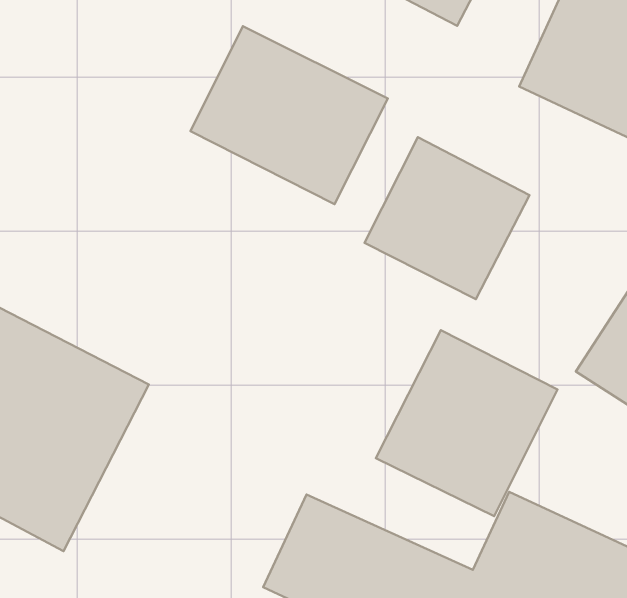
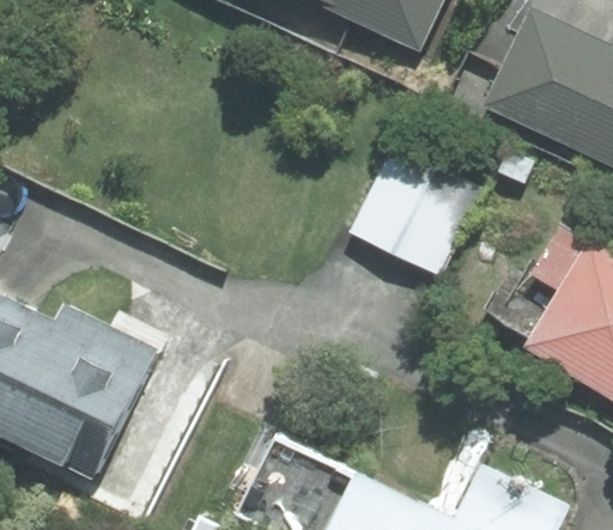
building: [191,26,388,204] -> none
building: [376,330,558,516] -> none

